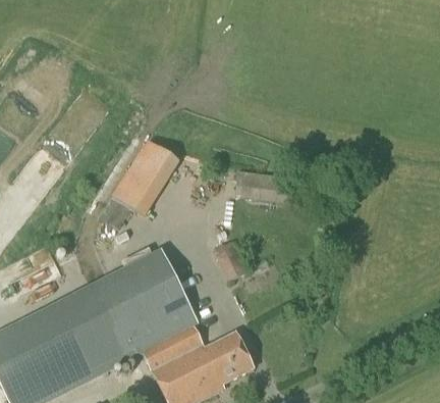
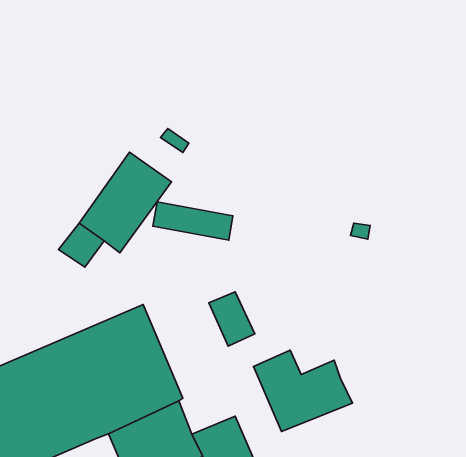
building: [234,173,293,199] -> [153,202,233,240]
building: none -> [254,350,352,431]

